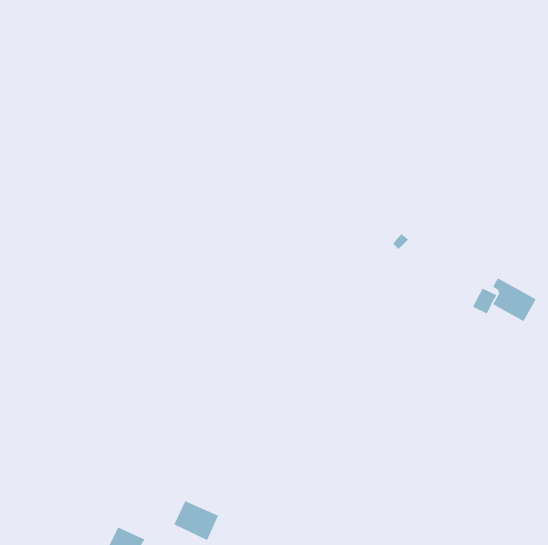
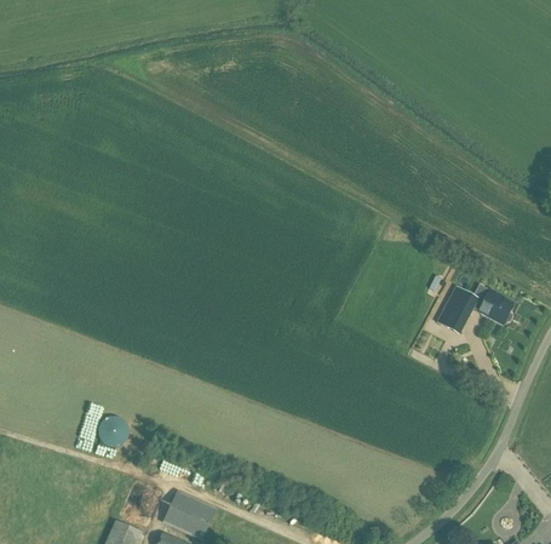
building: none -> [97,414,128,446]

